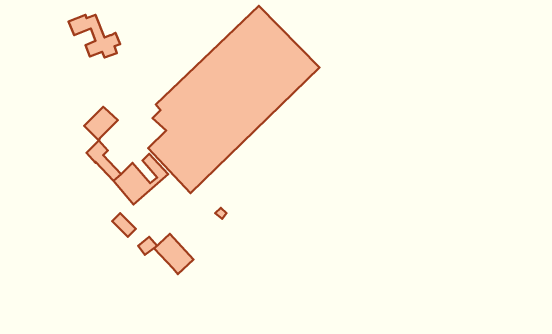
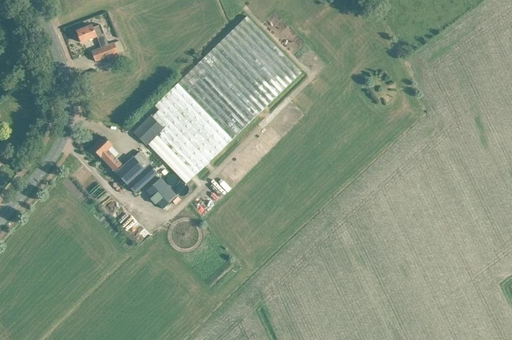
building: [84,107,118,140] -> [133,115,163,145]
building: [154,234,193,274] -> [146,177,181,213]

